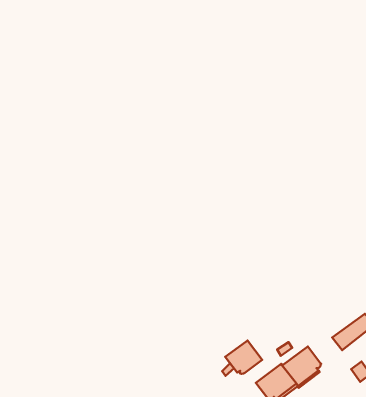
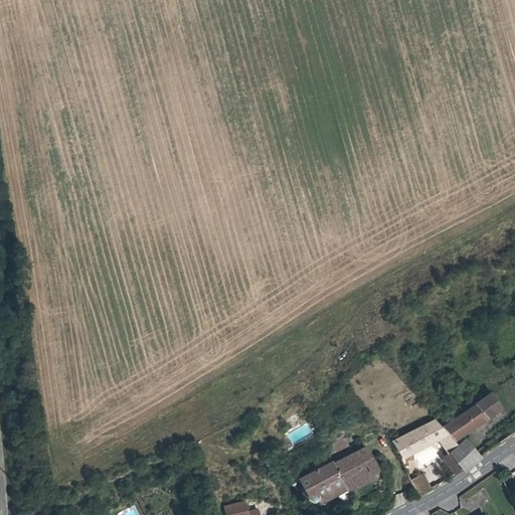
building: [225,340,262,374] -> none

